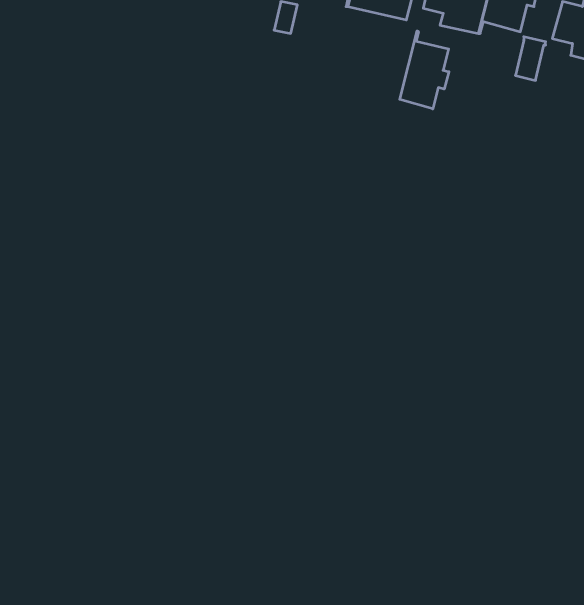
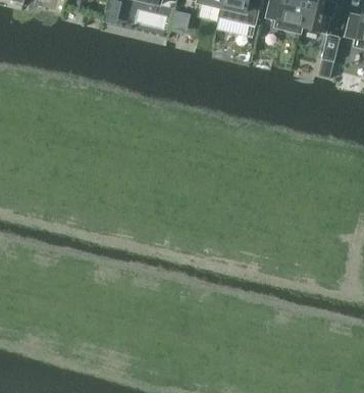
building: [400,31,449,109] -> none

